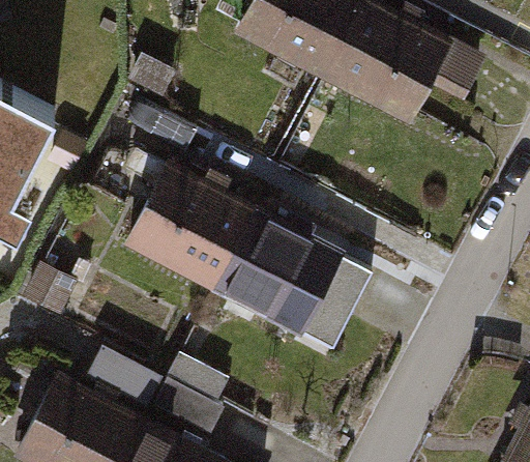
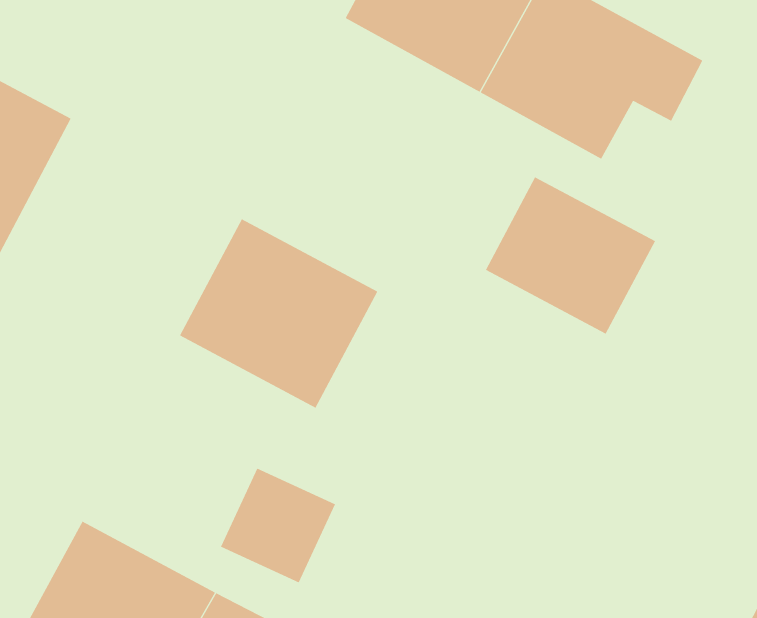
building: none -> [485,176,656,335]
building: [218,215,379,342] -> none

